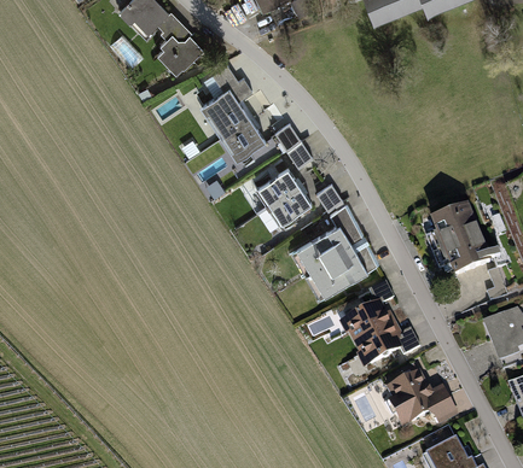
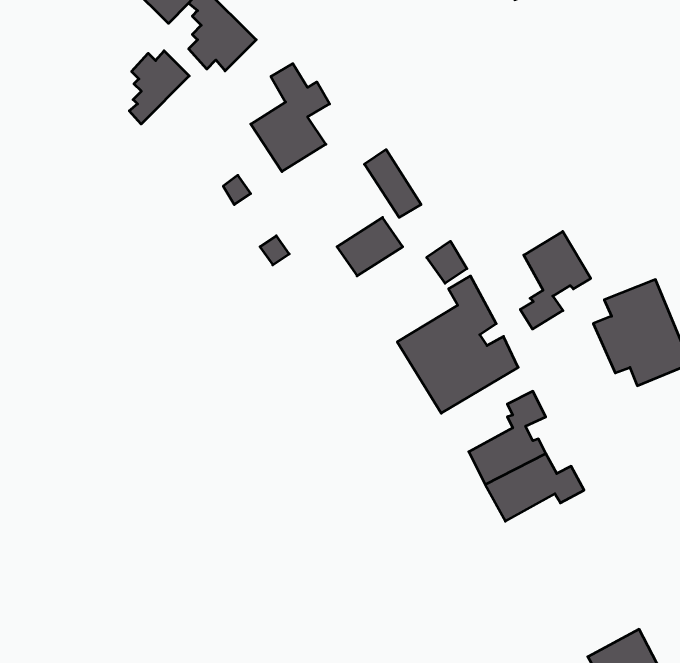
building: none -> [129,51,189,124]
building: [220,118,265,160] -> none
building: none -> [520,231,591,329]
building: [269,186,312,224] -> none
building: [385,373,458,426] -> none

